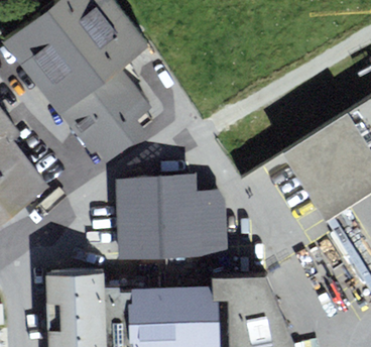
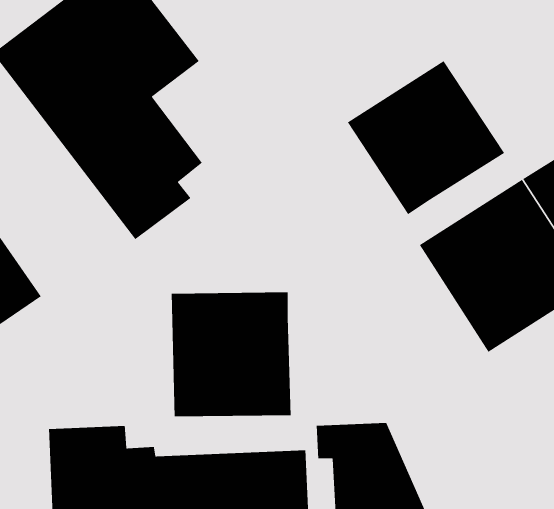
building: none -> [347,60,505,215]
building: [201,200,227,262] -> none

